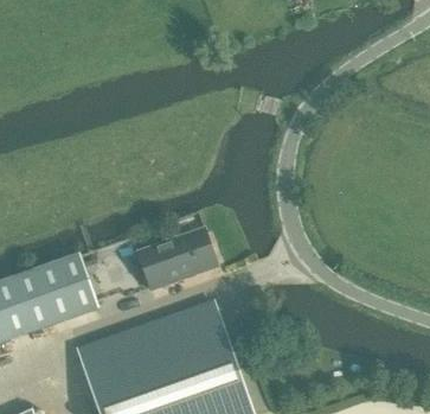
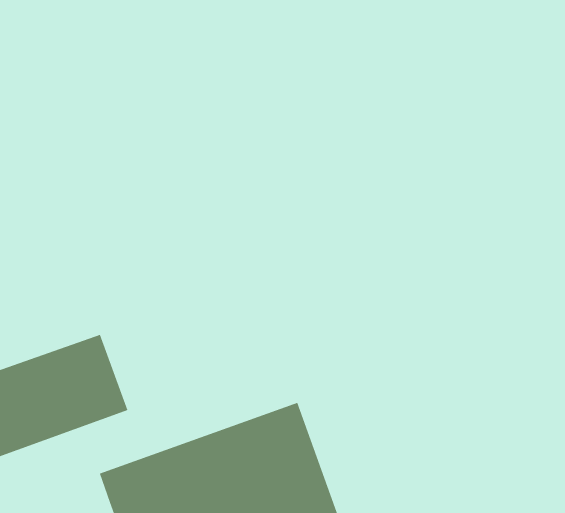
building: [137,229,217,288] -> none

